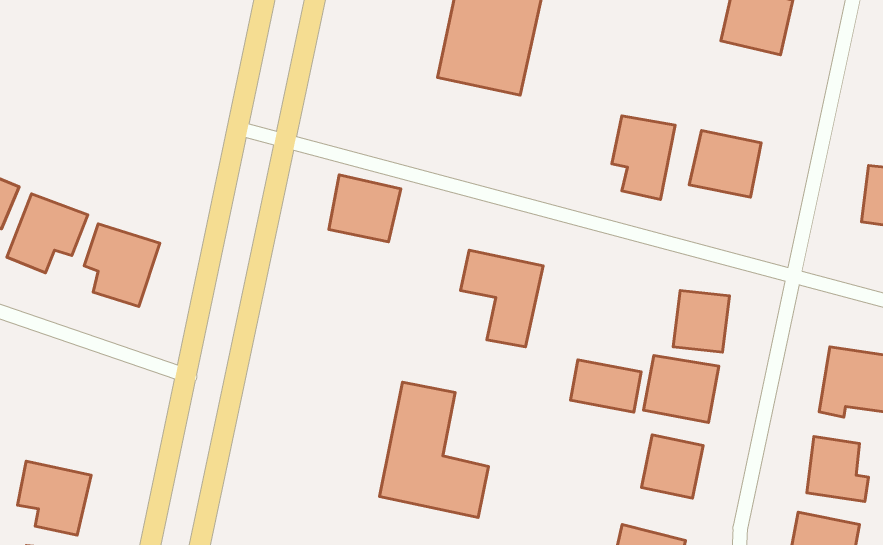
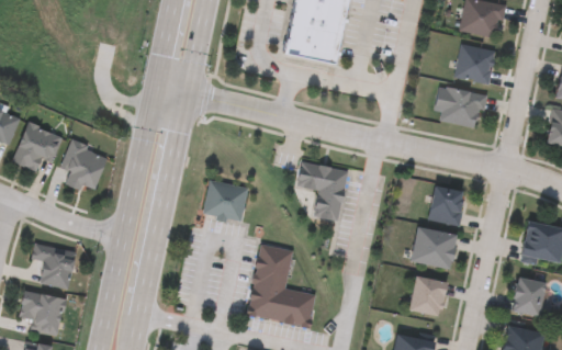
building: none -> [453,44,494,83]
building: [612,116,675,199] -> none
building: [329,175,401,242] -> [203,180,248,222]
building: [571,360,641,412] -> none
building: none -> [32,246,77,292]

